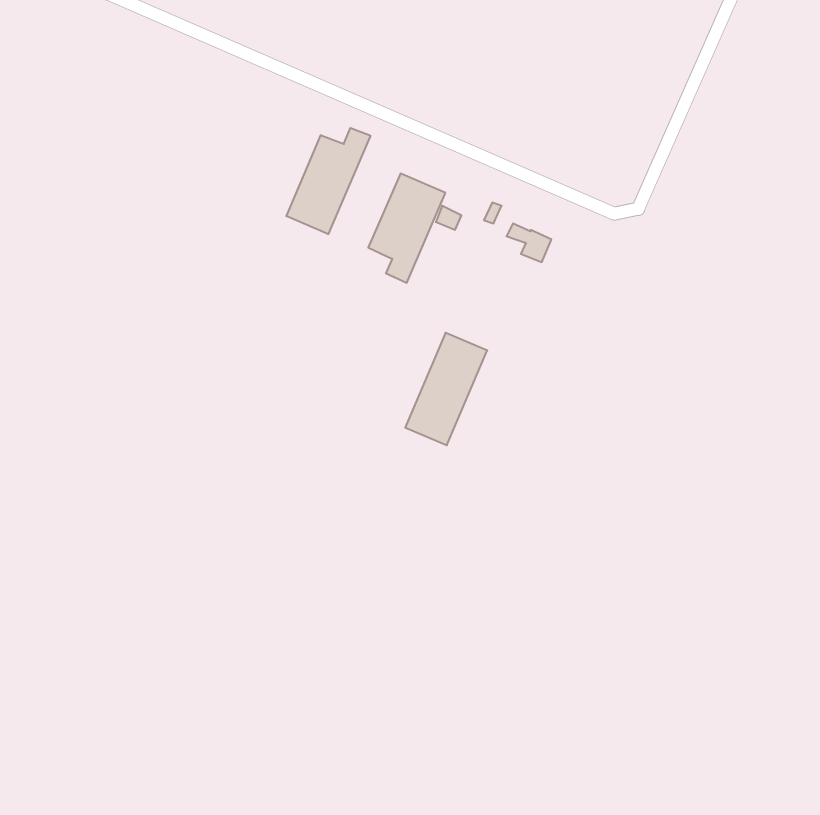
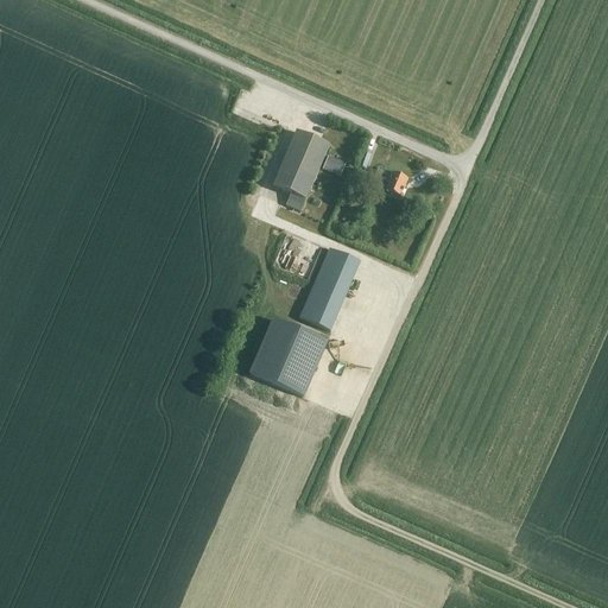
building: [286,128,370,234] -> none
building: none -> [252,318,327,394]

